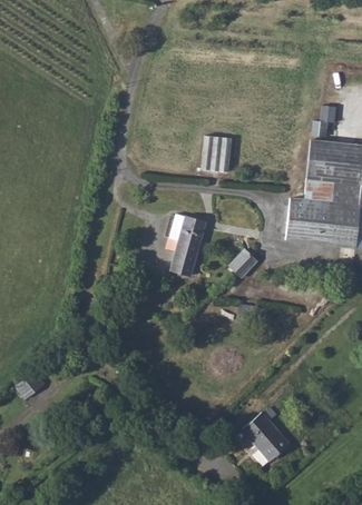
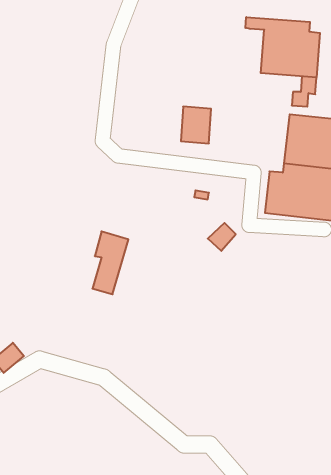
building: none -> [245,17,320,77]
building: [170,214,206,276] -> [92,231,128,294]
building: [242,408,290,461] -> none

